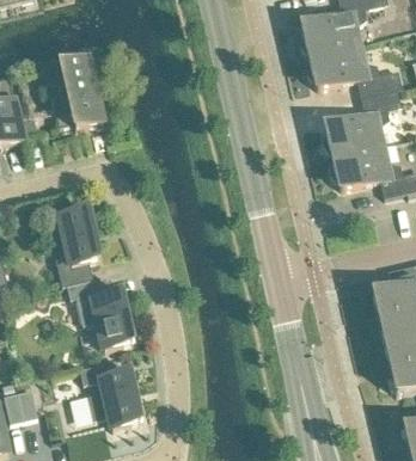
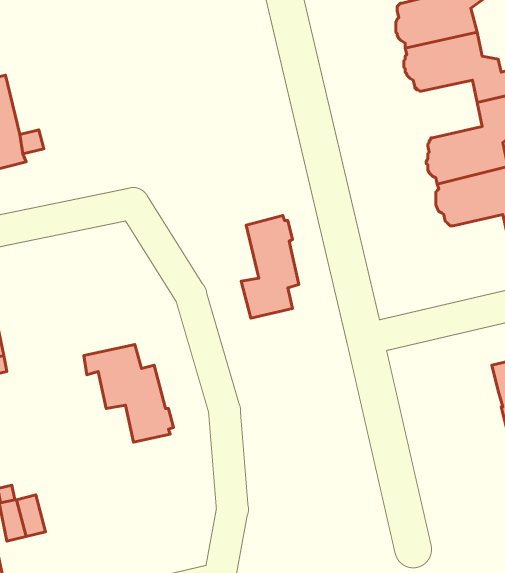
building: [44,56,103,127] -> none
building: [55,207,98,283] -> [241,216,299,318]
building: [80,358,141,428] -> none

